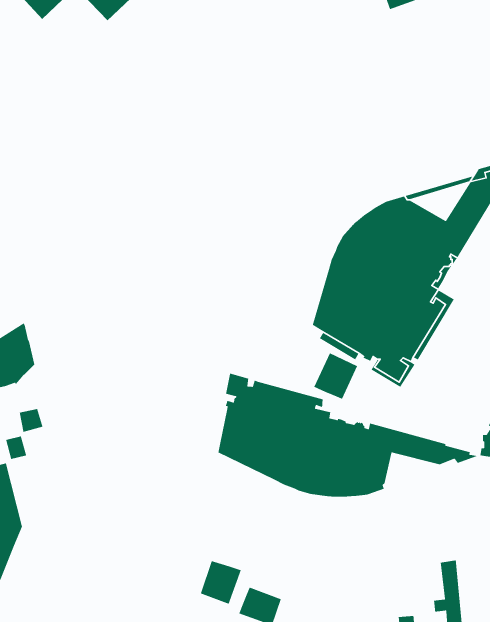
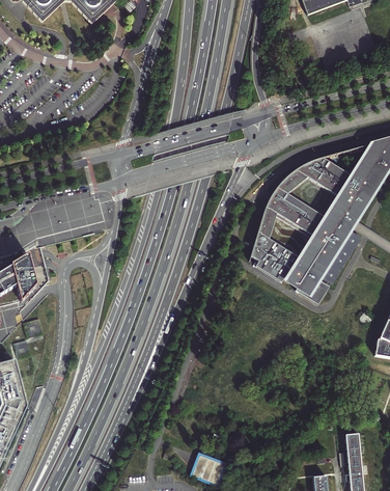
building: [313,352,358,400] -> none
building: [218,372,480,497] -> none
building: [200,560,242,605] -> none

